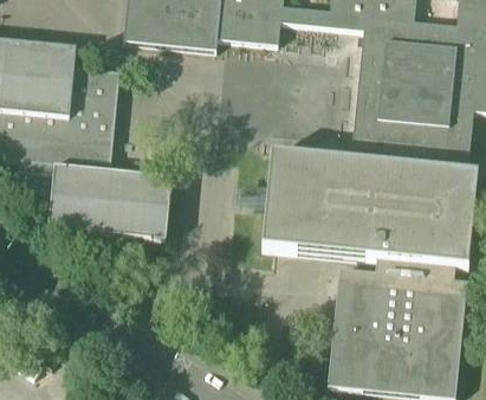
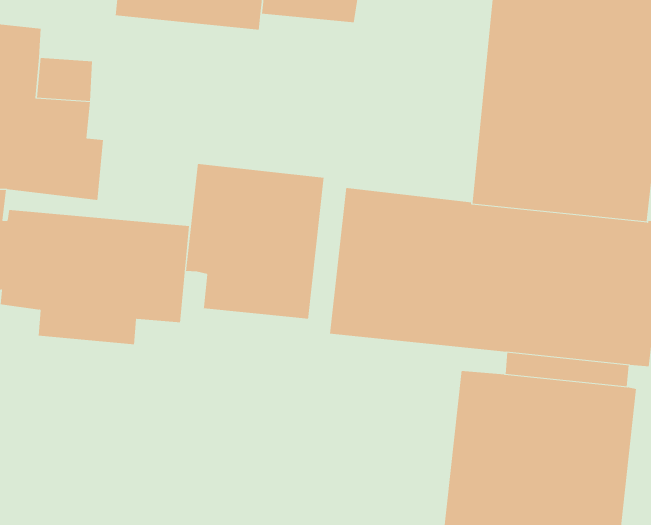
building: none -> [186,163,324,319]

